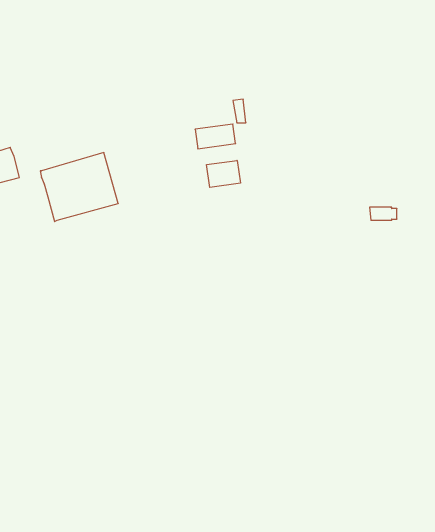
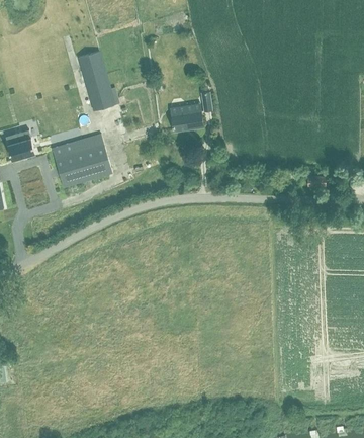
building: none -> [79,51,114,110]
building: [207,160,240,187] -> none

